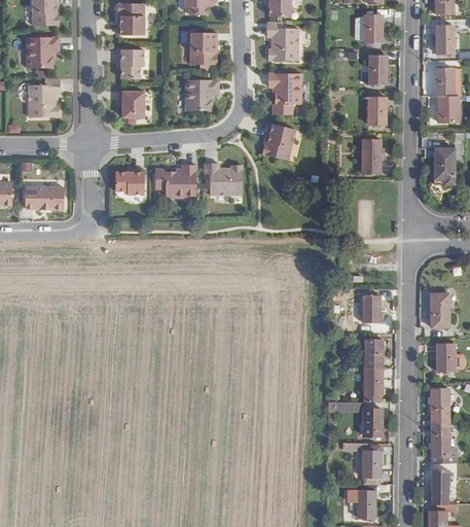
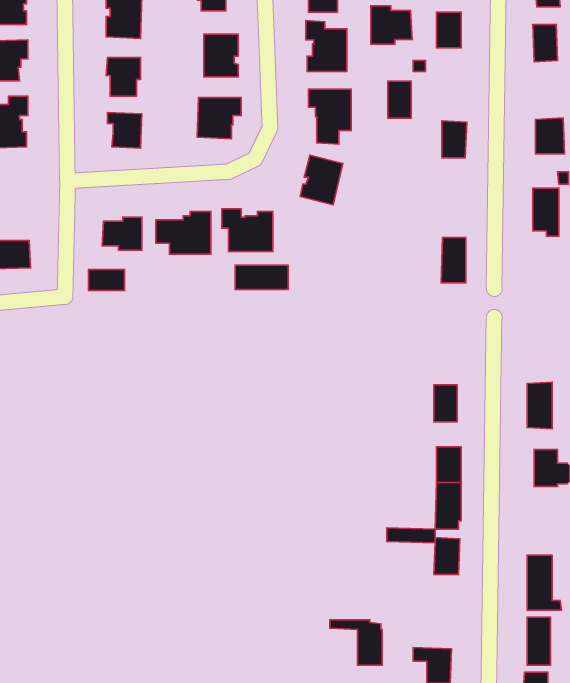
building: none -> [371,6,412,44]
building: [369,56,387,83] -> [388,81,411,118]
building: [436,67,455,96] -> none
building: [362,140,381,174] -> [441,238,466,283]
building: none -> [235,265,288,290]
building: none -> [89,269,125,290]
building: [431,388,450,422] -> none
building: [341,444,381,478] -> [330,620,382,665]

